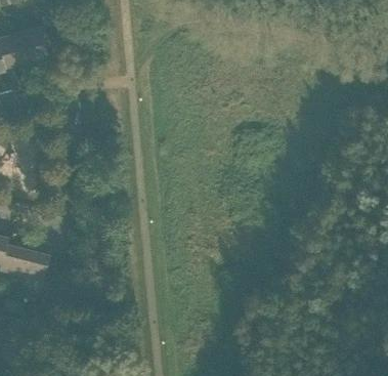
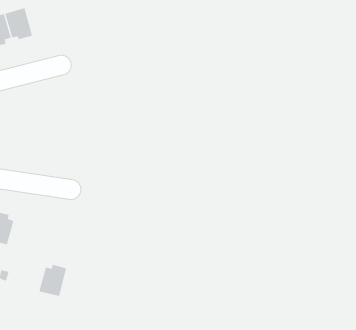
building: [20,247,50,281] -> [38,264,67,297]

